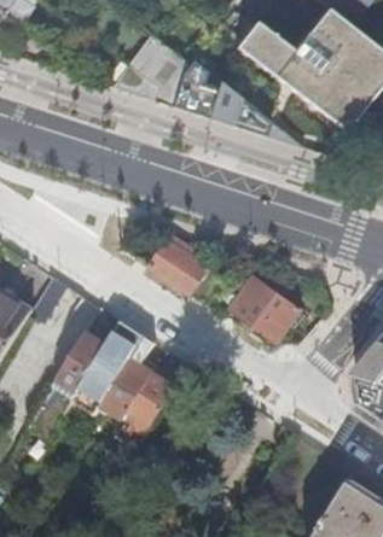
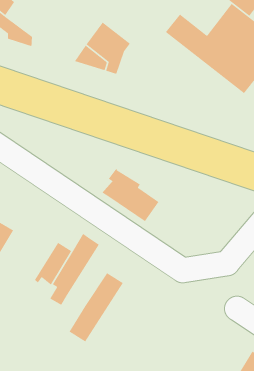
building: [168,56,301,146] -> none
building: [233,274,304,338] -> none
building: [100,333,156,416] -> none

